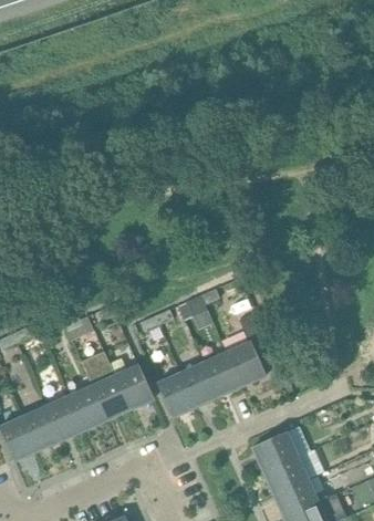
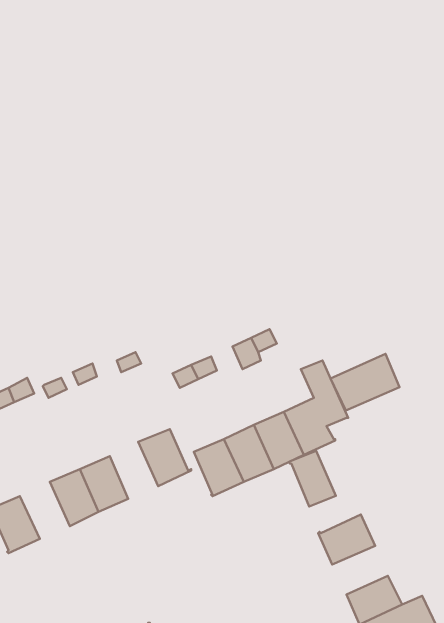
building: none -> [330,354,399,411]
building: [81,351,129,419] -> none
building: none -> [290,451,336,507]
building: [22,406,61,450] -> none
building: [264,456,308,493] -> none

